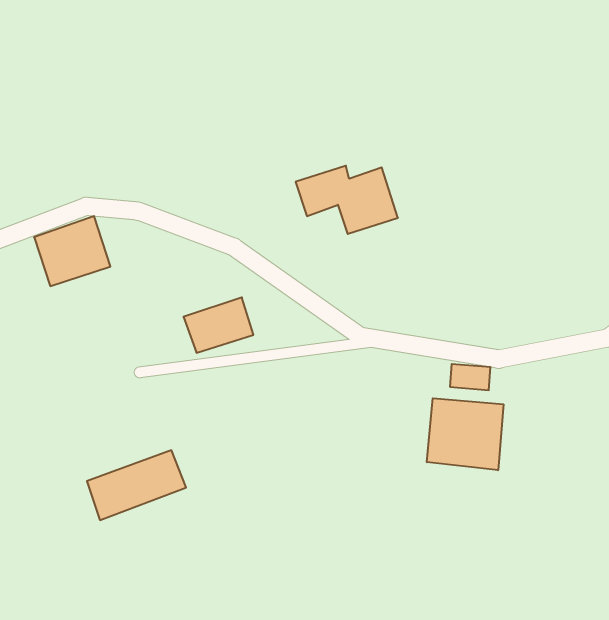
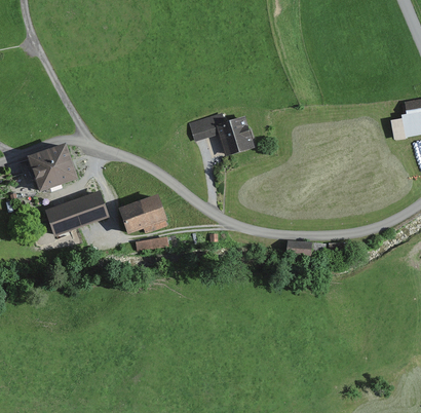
building: [427,398,503,470] -> none
building: [87,450,186,520] -> [43,191,106,235]

